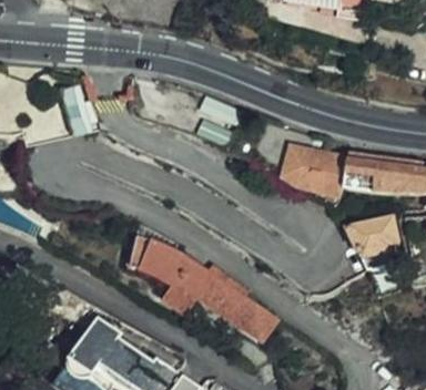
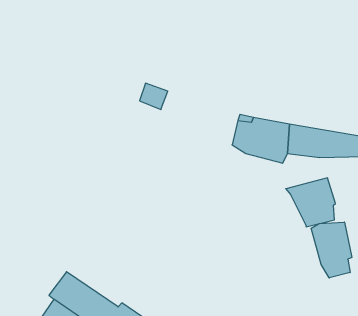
building: [132,235,274,340] -> none
building: none -> [311,222,352,278]

